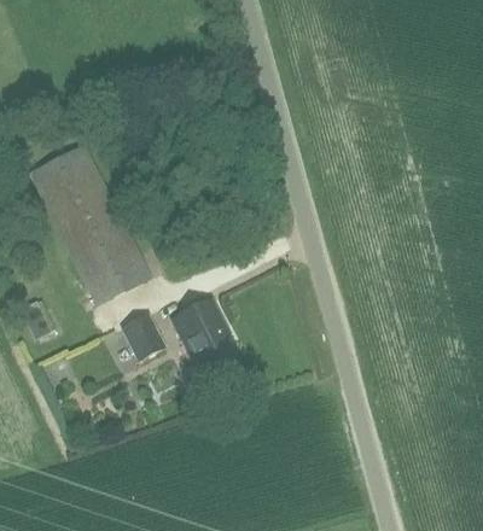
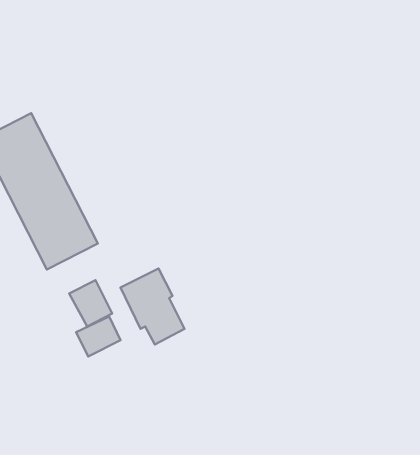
building: none -> [76,317,120,356]

